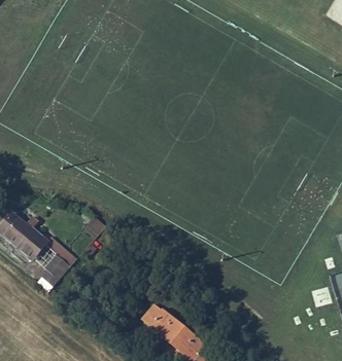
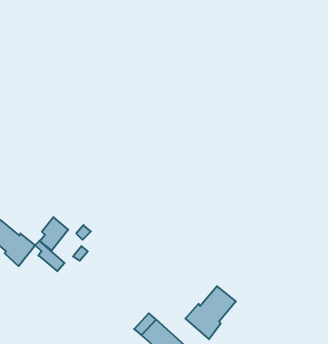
building: [44,255,72,288] -> [40,217,68,251]
building: none -> [185,286,236,339]

